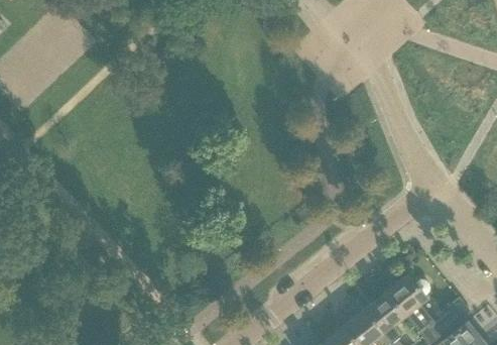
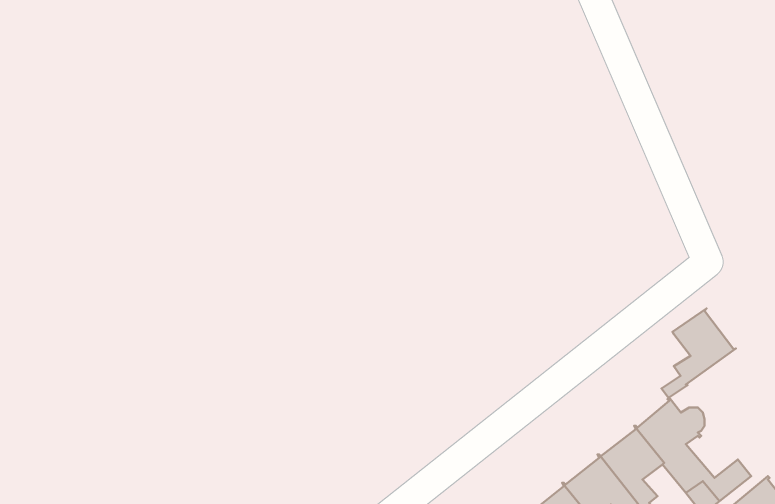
building: none -> [662,308,736,398]

